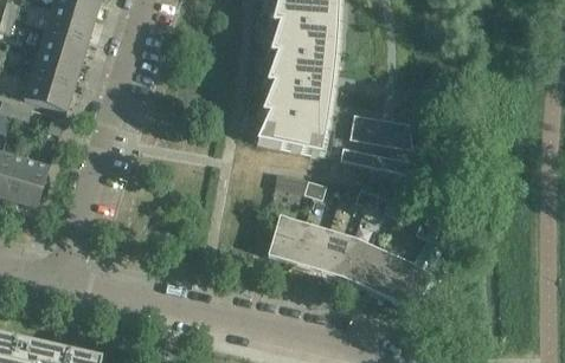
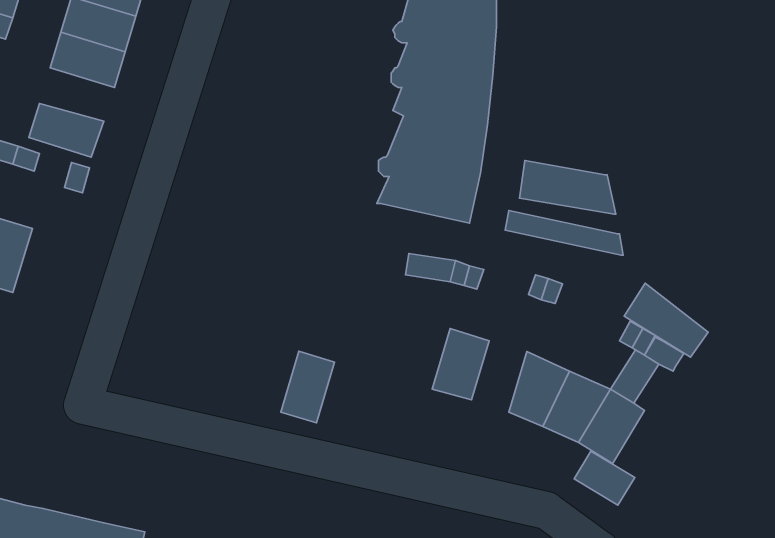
building: [31,50,81,85] -> none
building: [13,156,50,206] -> none
building: none -> [624,283,708,357]
building: [268,215,303,262] -> [281,351,334,423]
building: [317,231,354,278] -> none
building: none -> [574,451,635,505]

